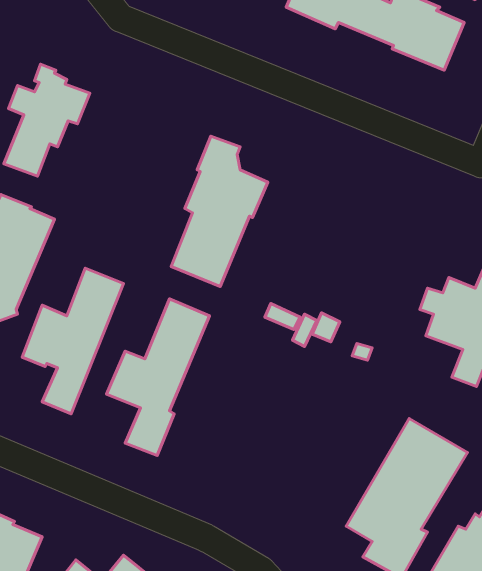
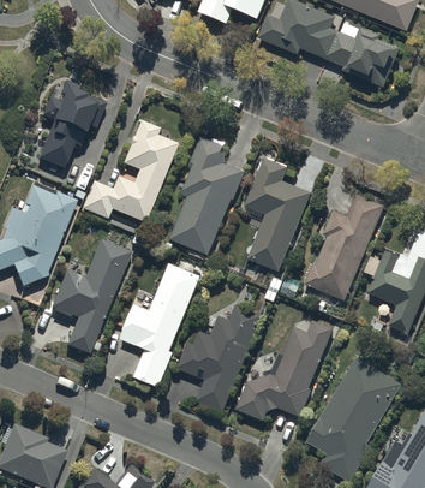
building: none -> [83,121,178,224]
building: none -> [246,160,310,272]
building: none -> [303,196,382,302]
building: none -> [174,305,259,412]
building: none -> [234,321,331,421]

